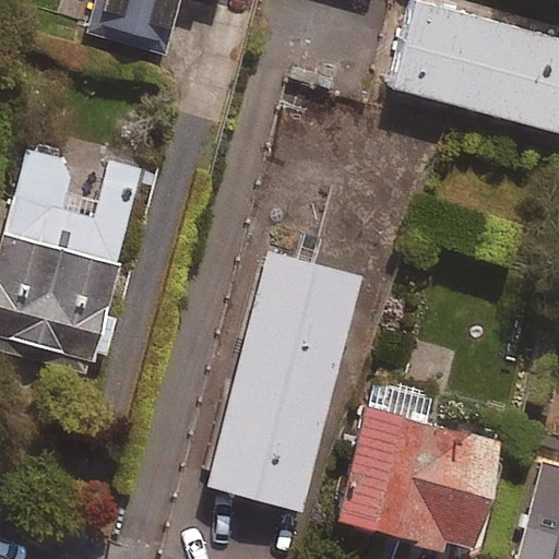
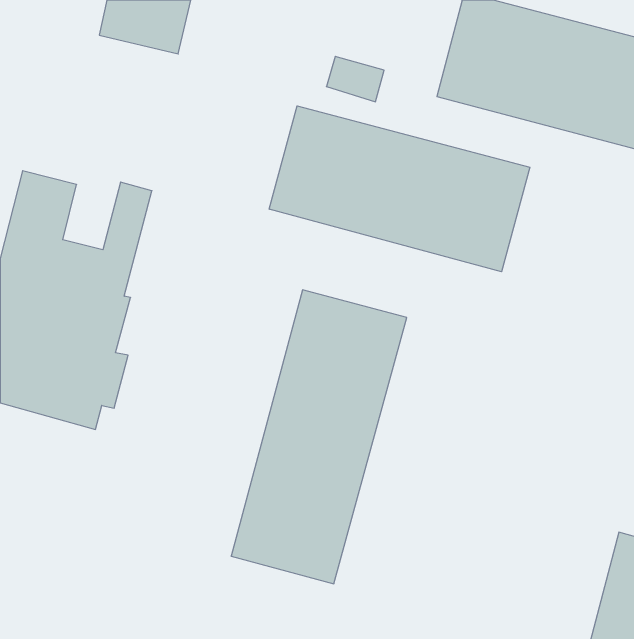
building: none -> [269,106,530,272]
building: [331,406,495,551] -> none

